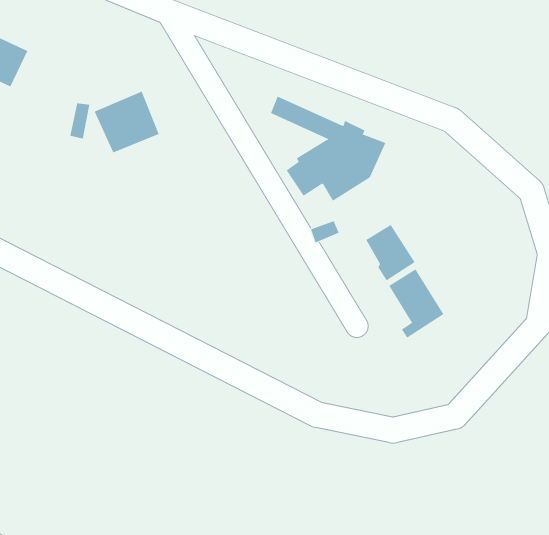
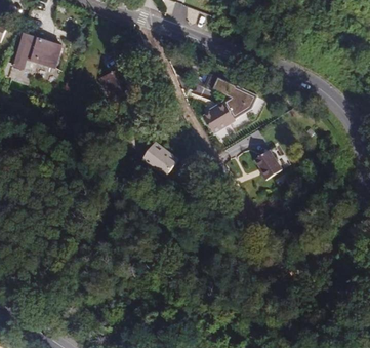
building: none -> [146,144,178,178]
building: [388,268,444,338] -> none

